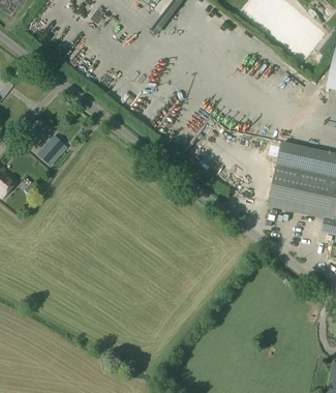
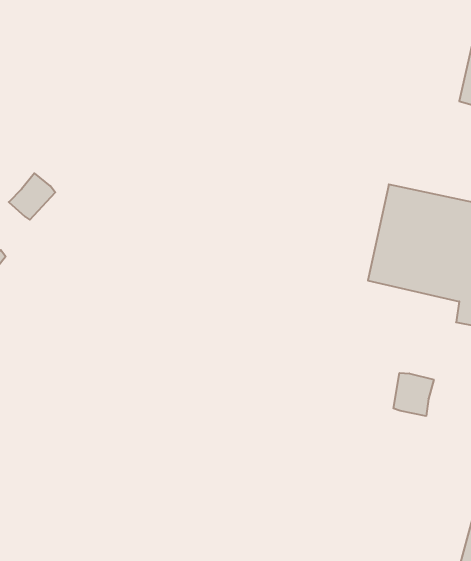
building: none -> [393,373,434,416]

